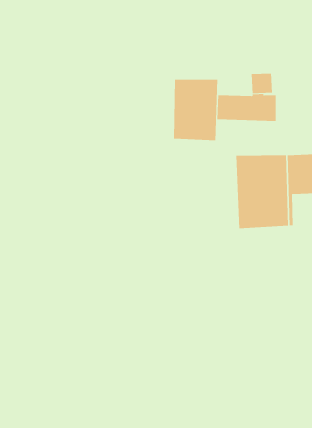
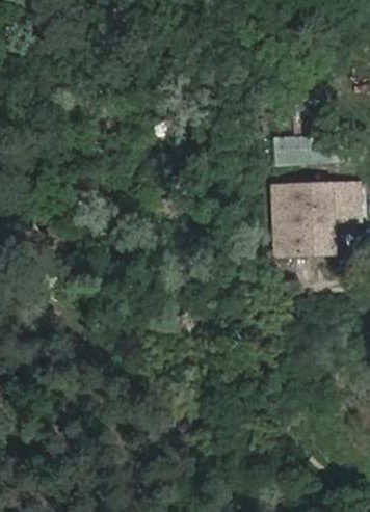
building: [173,79,218,141] -> none

